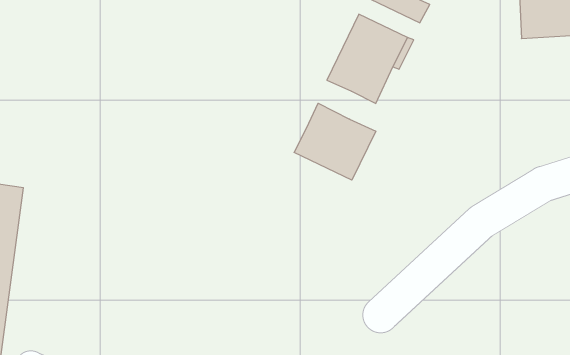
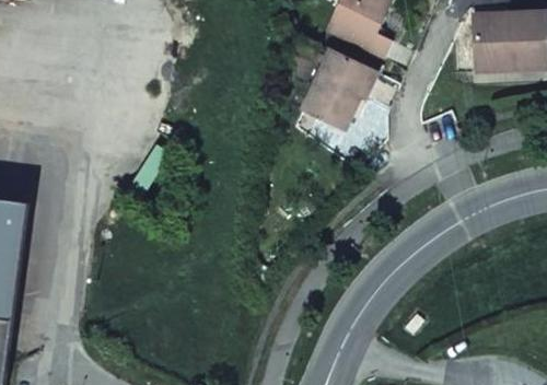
building: [294,103,376,180] -> none

